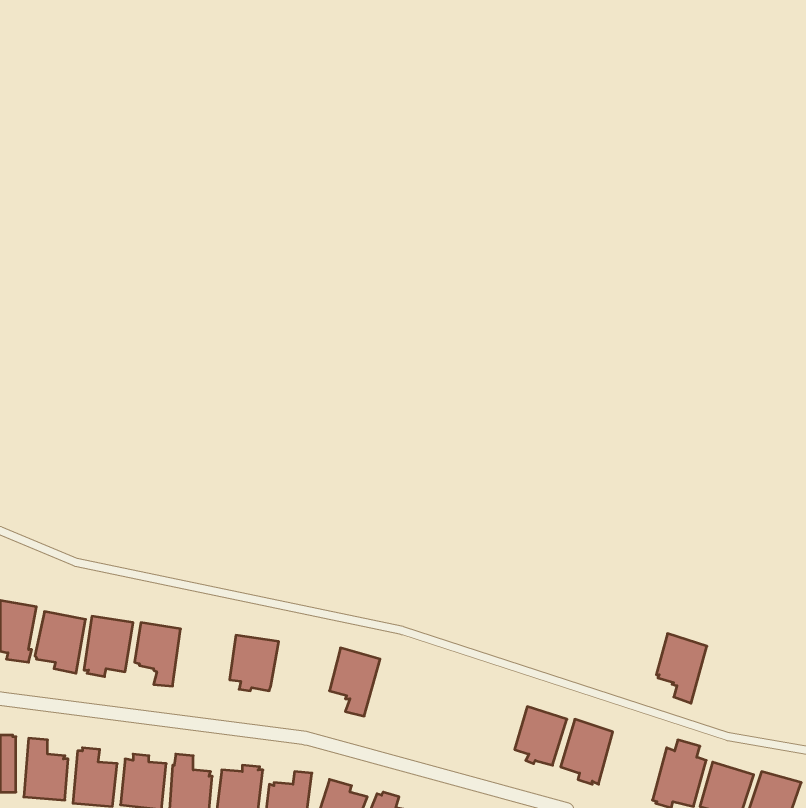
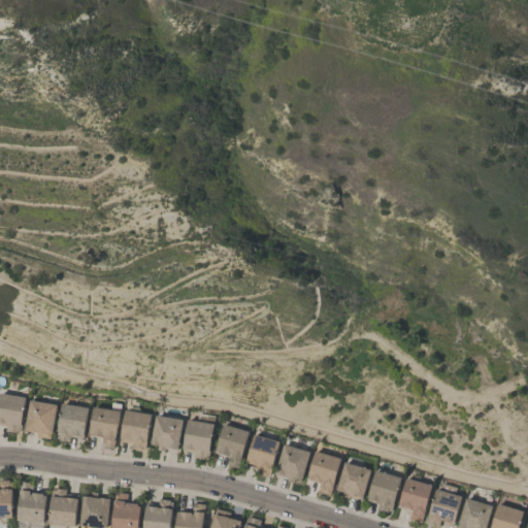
building: none -> [120,409,152,450]
building: [656,634,707,703] -> [399,476,432,522]
building: none -> [183,414,216,459]
building: none -> [245,433,280,475]
building: none -> [275,443,310,483]
building: none -> [307,451,341,495]

